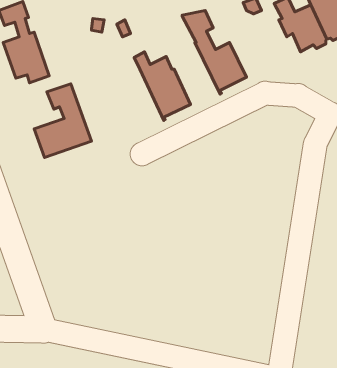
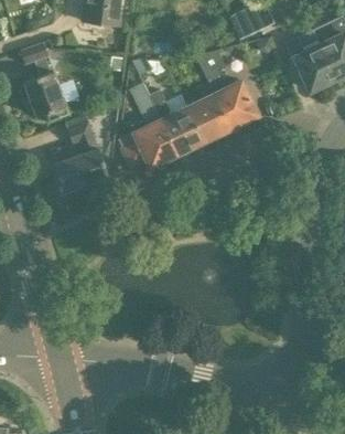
building: none -> [188,82,233,141]
building: none -> [119,86,179,170]

